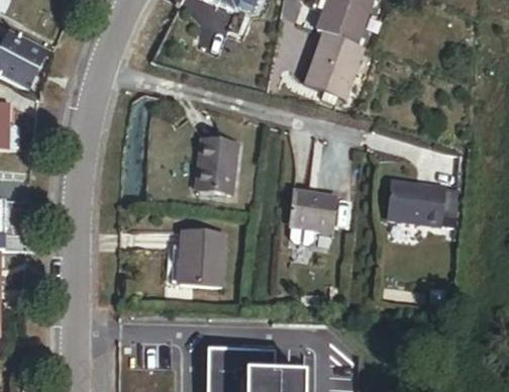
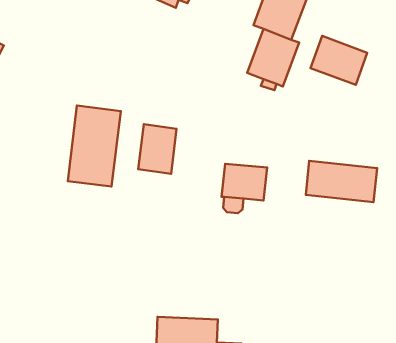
building: none -> [311,36,367,85]
building: none -> [68,106,121,187]
building: [176,229,225,288] -> none

